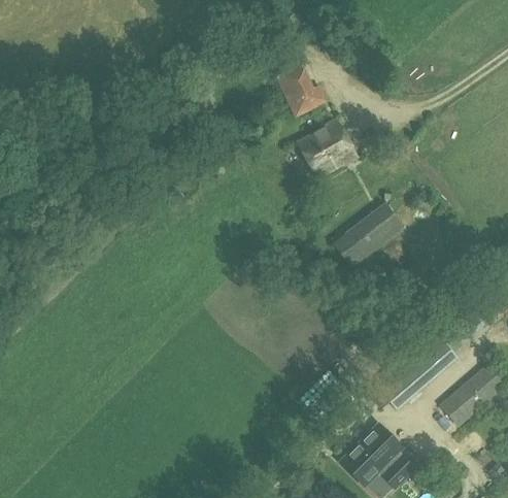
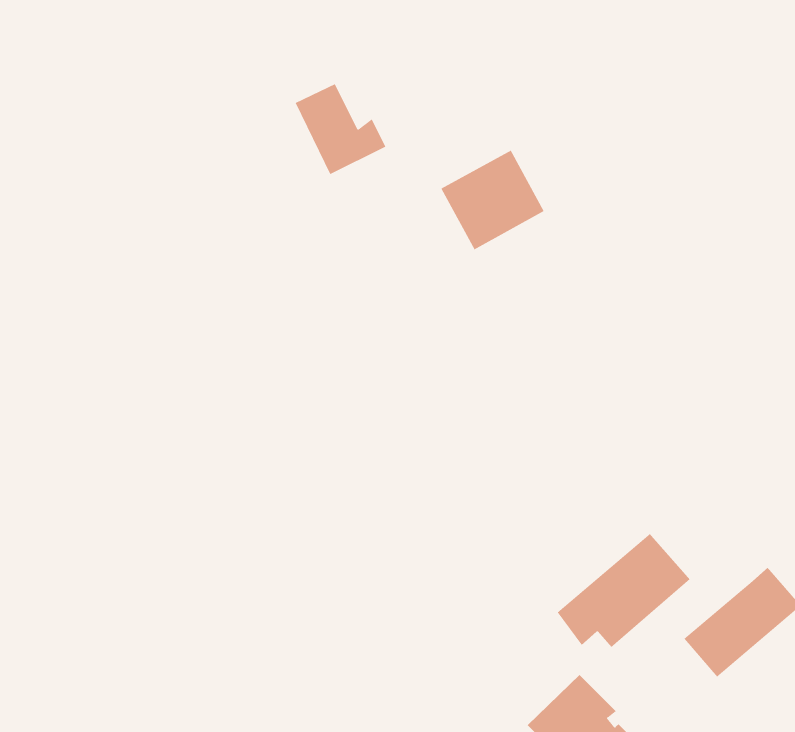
building: [274,63,328,117] -> [295,83,386,175]
building: [333,202,405,269] -> none
building: [420,333,454,369] -> none

